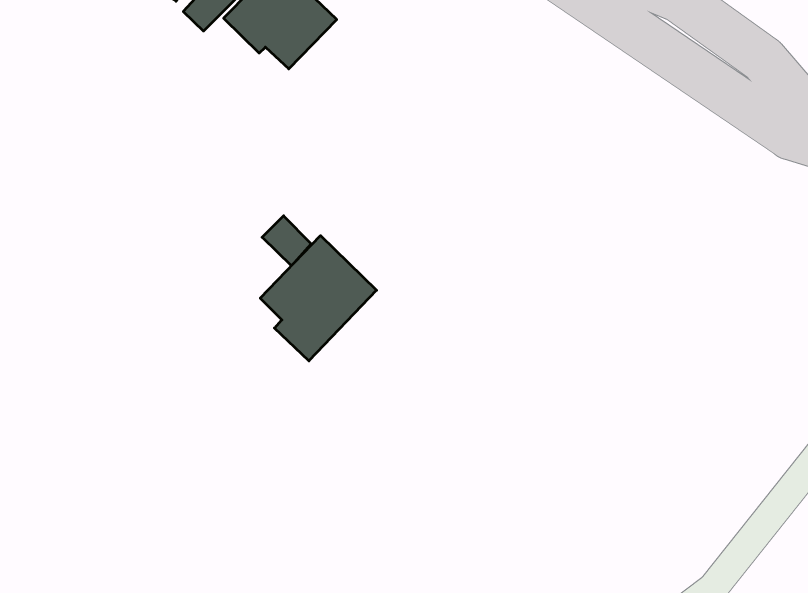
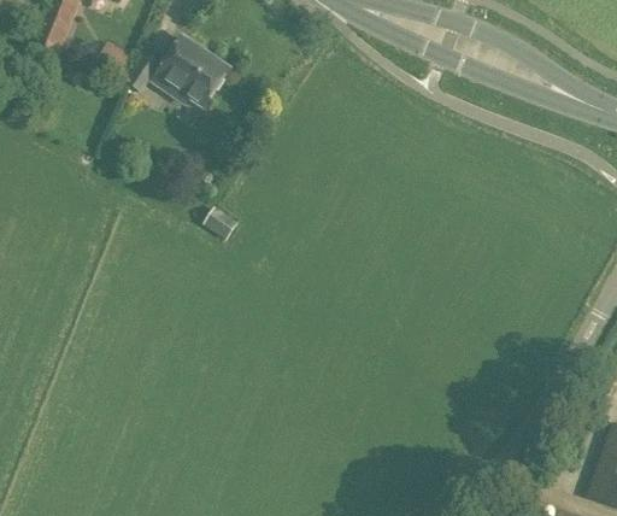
building: [260,236,377,361] -> none

